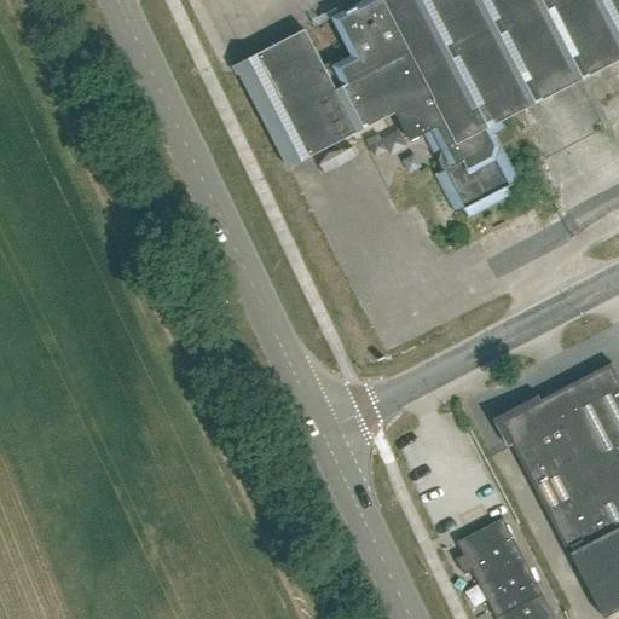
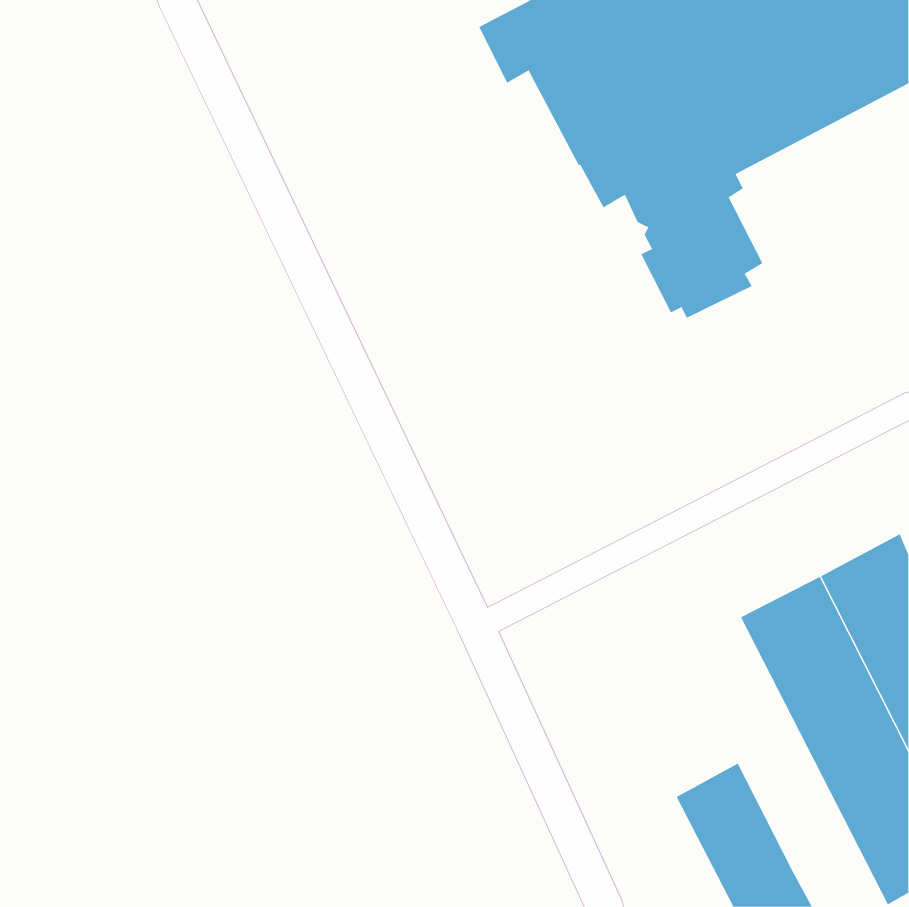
building: [233,28,393,167] -> none

